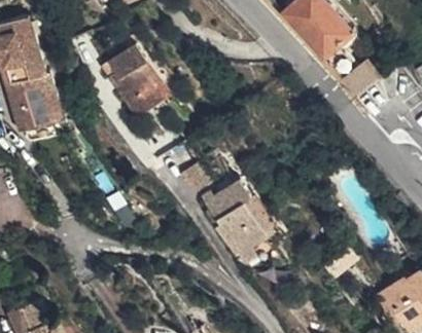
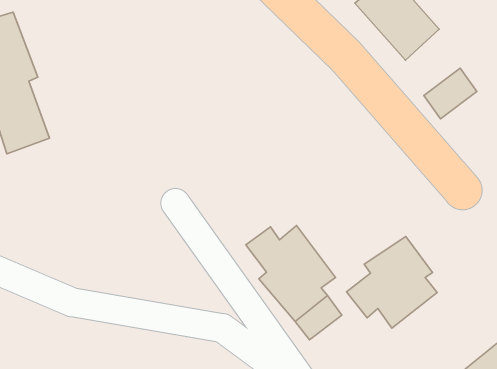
building: [108,42,169,125] -> none
building: none -> [347,236,437,328]

